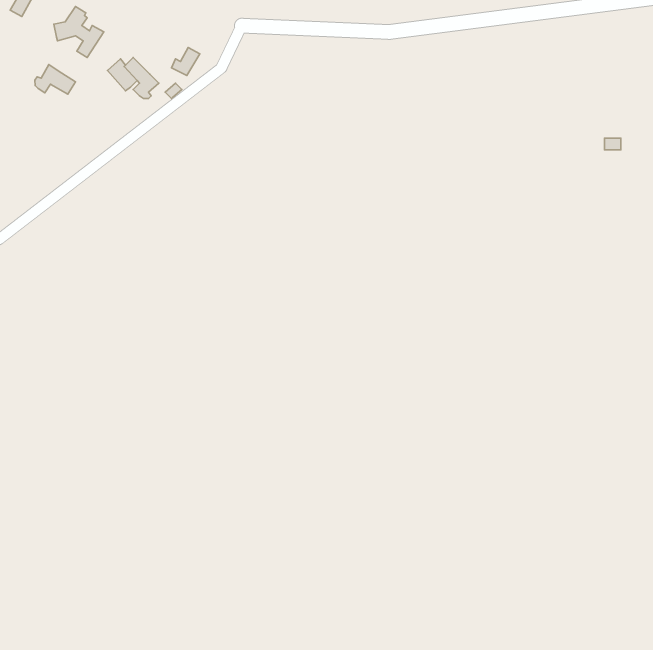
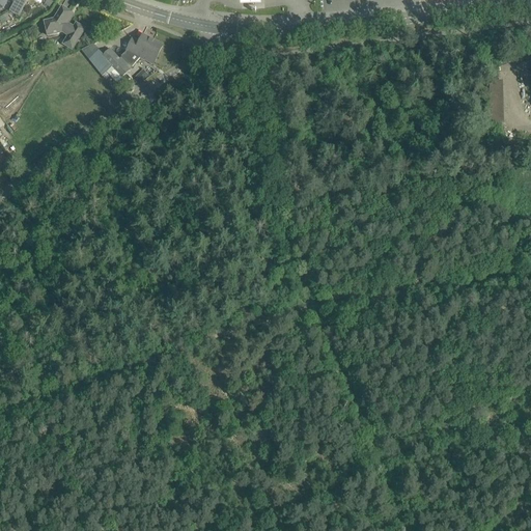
building: none -> [120,33,152,64]
building: [35,65,76,94] -> none

